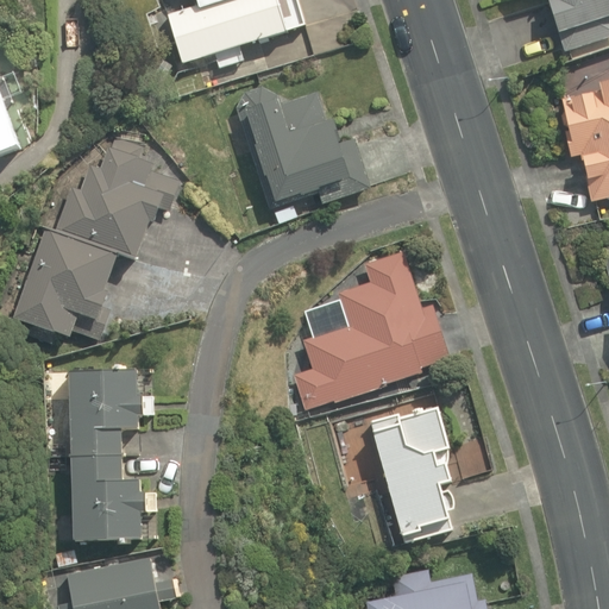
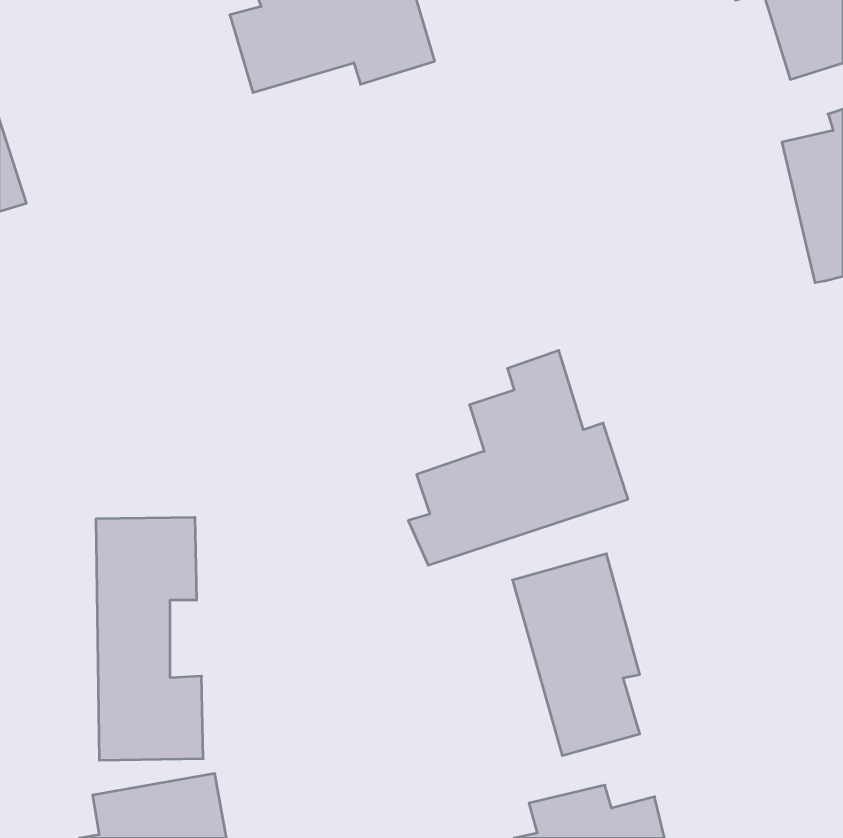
building: [233,84,368,207] -> none
building: [56,136,180,250] -> none
building: [19,228,125,341] -> none

